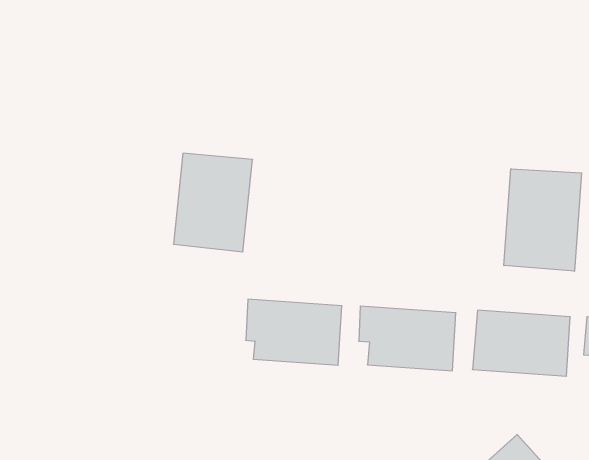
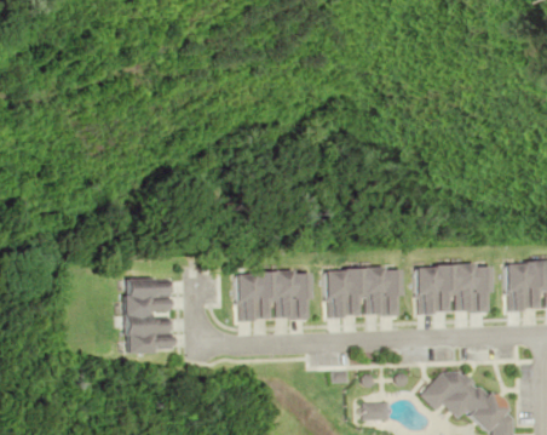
building: [173,153,253,252] -> [117,279,174,353]
building: [504,169,582,271] -> none

